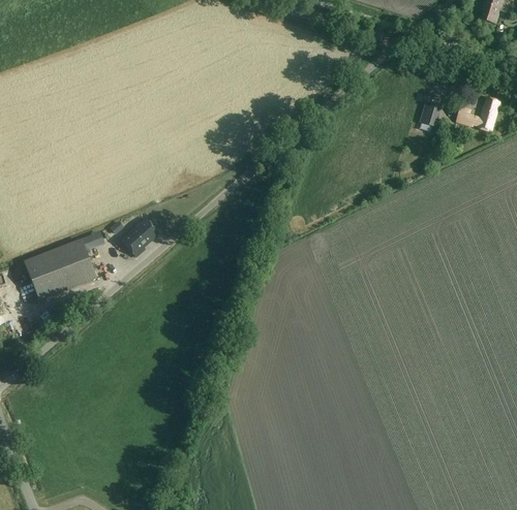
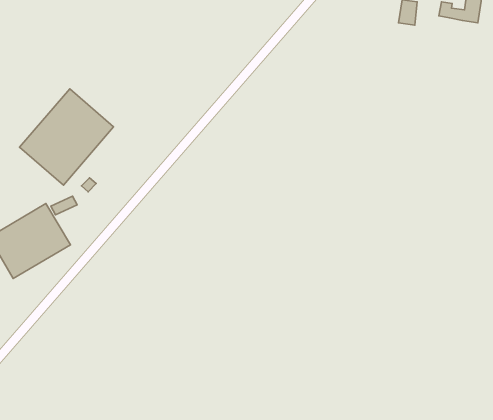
building: none -> [20,89,114,185]
building: [121,218,158,256] -> none

